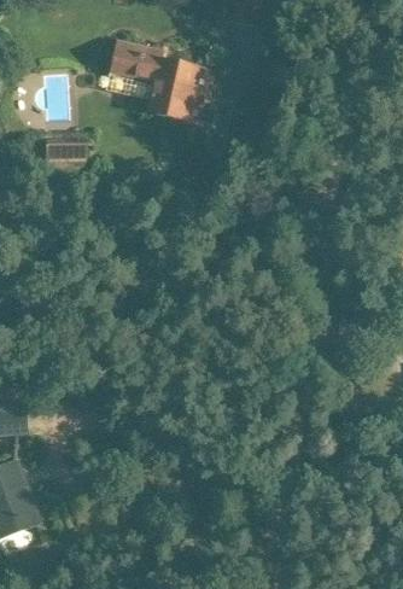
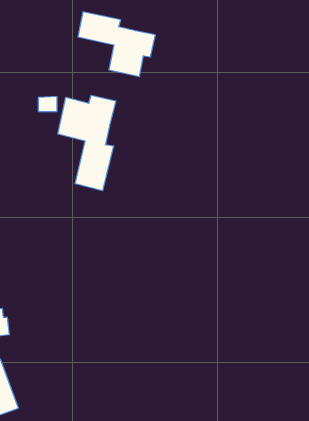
building: none -> [58,95,116,191]

